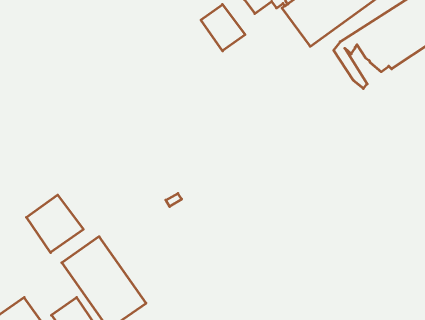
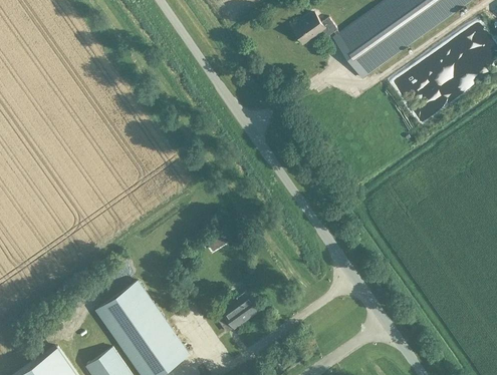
building: [201,4,245,51] -> none
building: [26,195,83,253] -> none
building: none -> [213,292,259,329]

